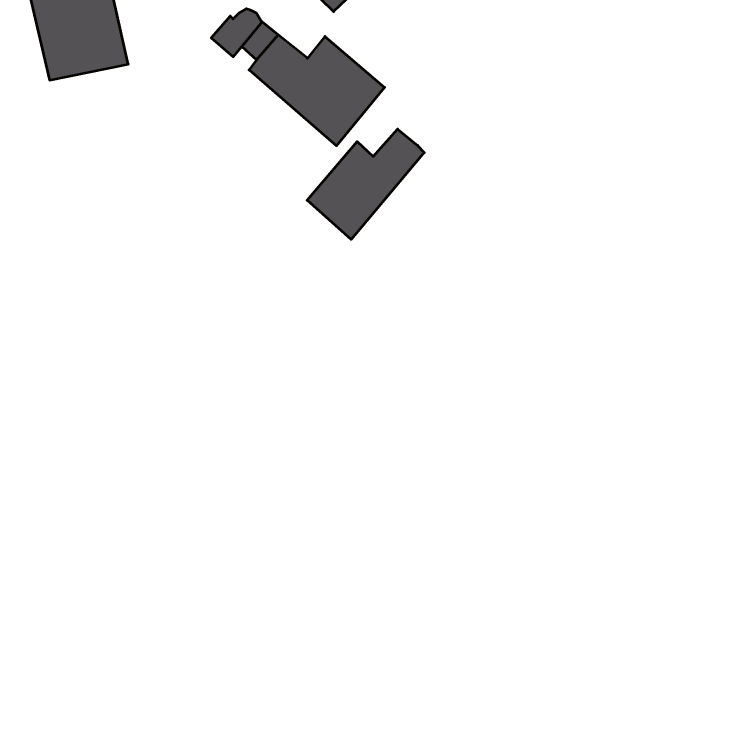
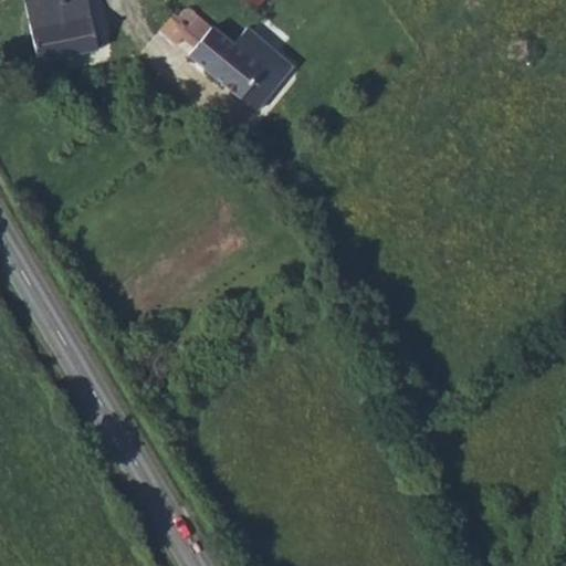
building: [307,129,424,239] -> none

